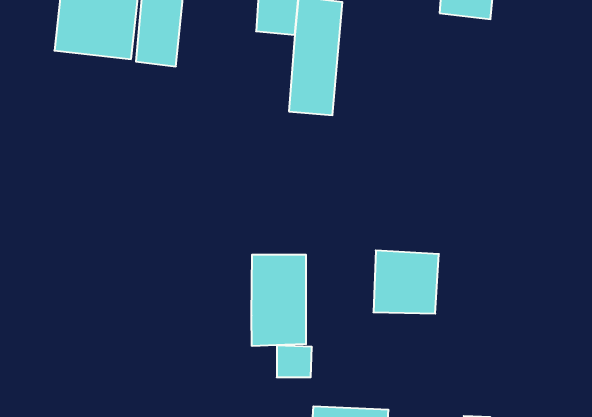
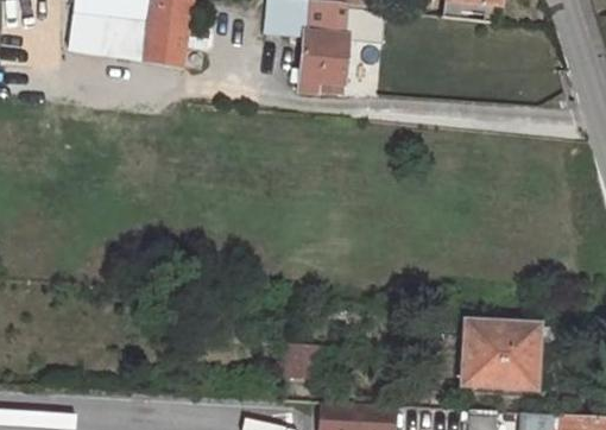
building: [373,250,439,314] -> [467,324,531,386]
building: [252,255,306,346] -> none

